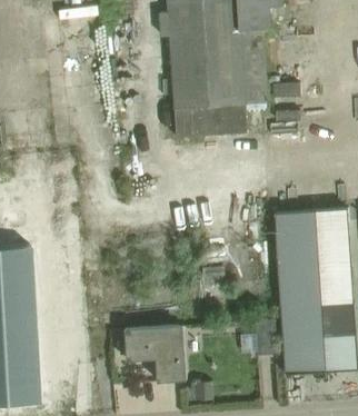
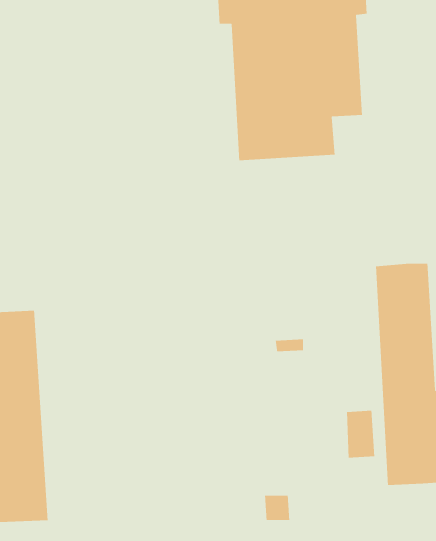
building: [126,325,182,382] -> none

